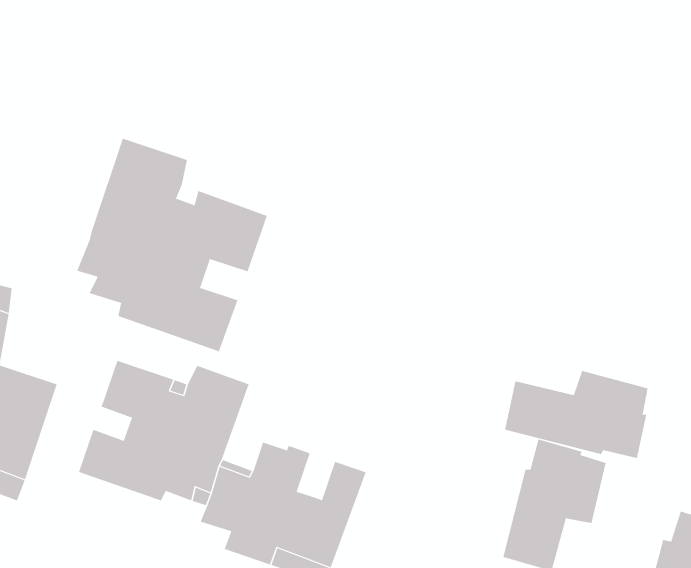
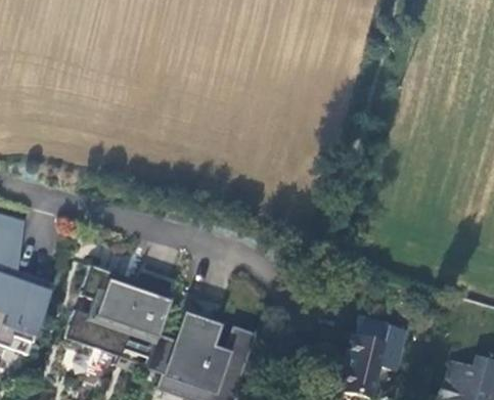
building: [77,138,268,352] -> none
building: [504,370,648,459] -> none

